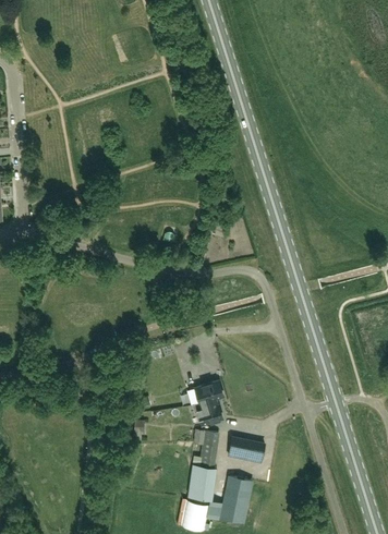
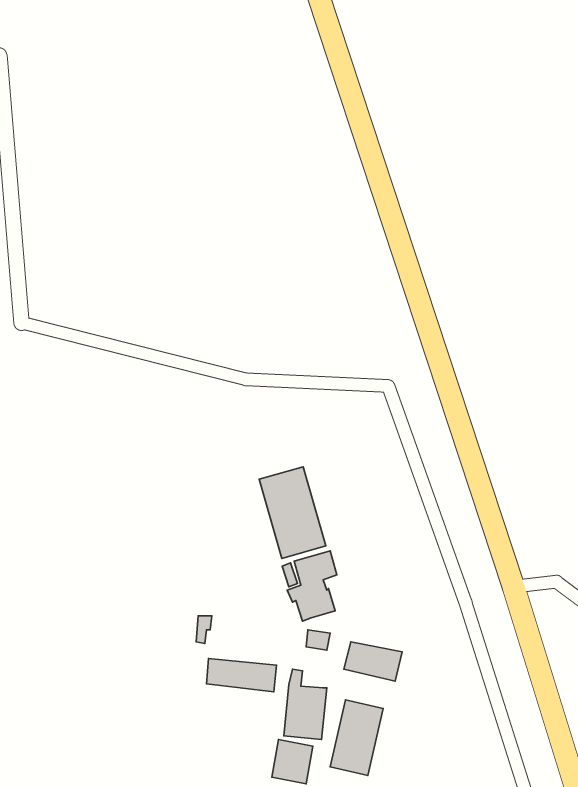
building: none -> [259,467,326,558]
building: none -> [206,658,276,692]

